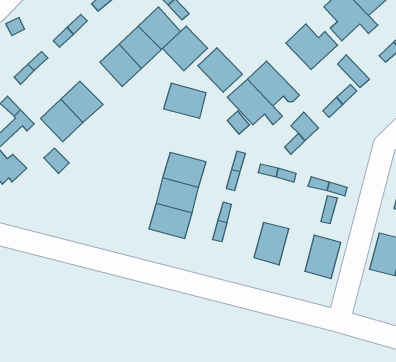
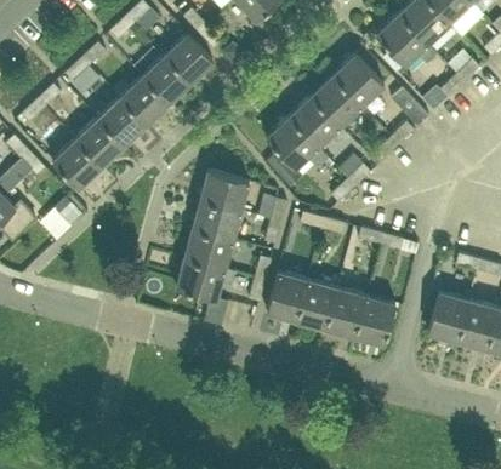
building: [163,26,208,71] -> none
building: [198,48,242,92] -> [311,76,361,127]
building: none -> [97,98,146,147]
building: [164,83,206,118] -> [200,172,249,212]
building: none -> [267,273,307,321]
building: none -> [325,288,365,337]

